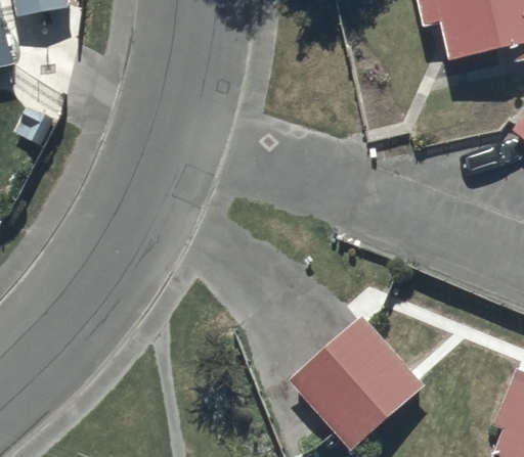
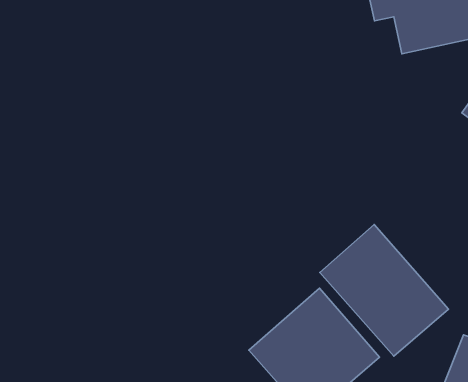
building: none -> [320,224,448,356]

